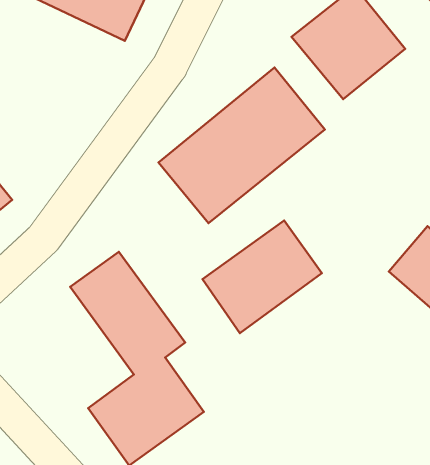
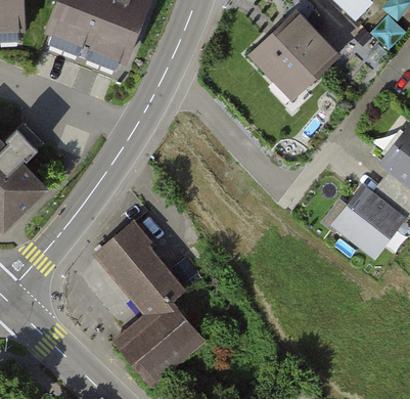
building: [158,67,325,223] -> none
building: [202,220,322,333] -> none

